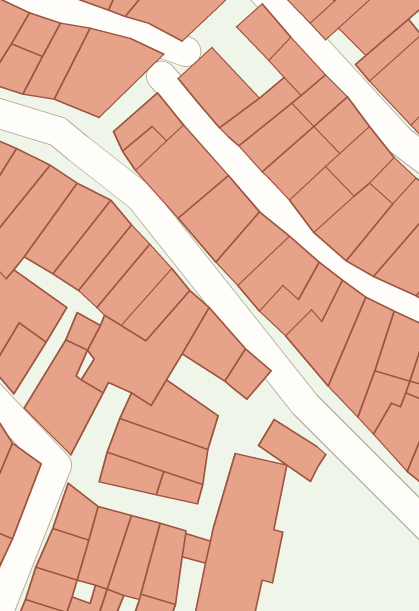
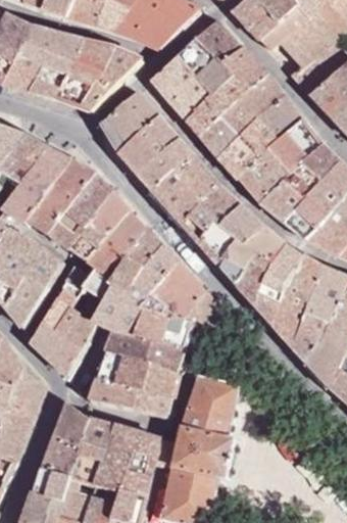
building: none -> [179,40,236,96]
building: [259,419,326,482] -> [143,298,196,347]

